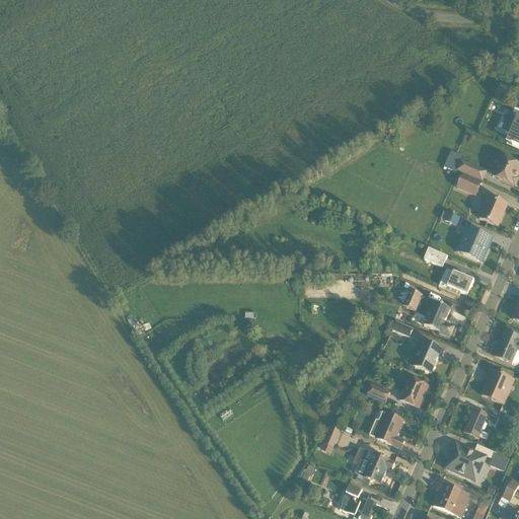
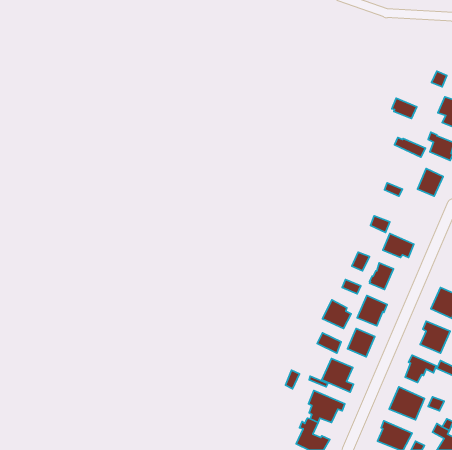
building: [454,170,483,194] -> [392,98,417,118]
building: [457,225,493,261] -> none
building: none -> [322,300,351,329]

